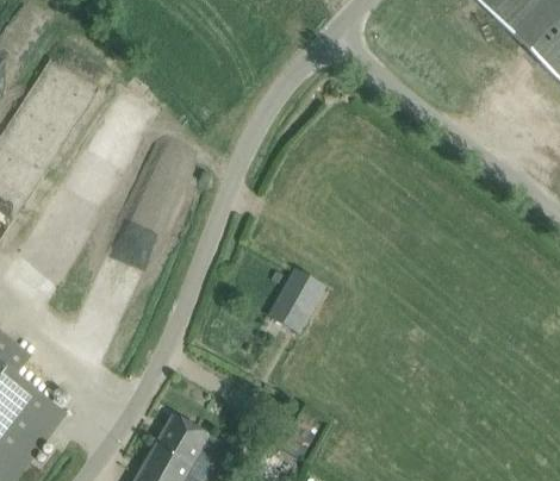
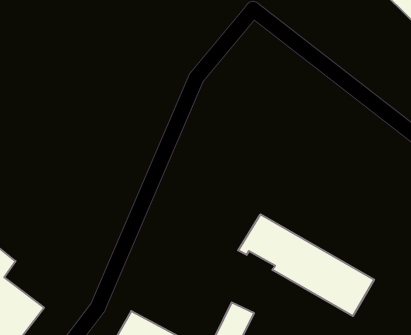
building: [267,268,326,335] -> none
building: none -> [238,214,374,316]

